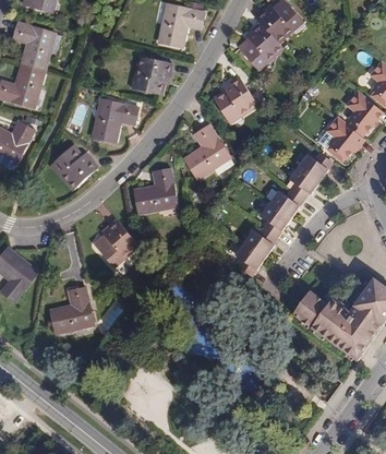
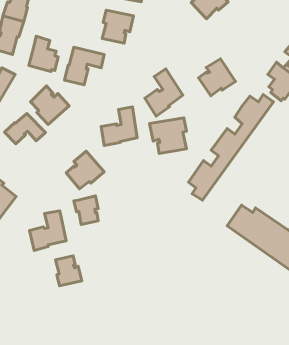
building: [214,77,256,120] -> [199,59,236,96]
building: none -> [29,36,58,72]
building: none -> [4,114,45,144]
building: none -> [150,118,186,153]
building: none -> [74,196,98,224]
building: none -> [55,256,82,286]

